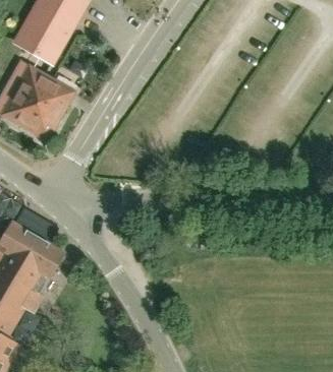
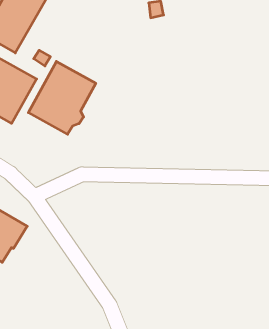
building: none -> [28,61,96,134]

